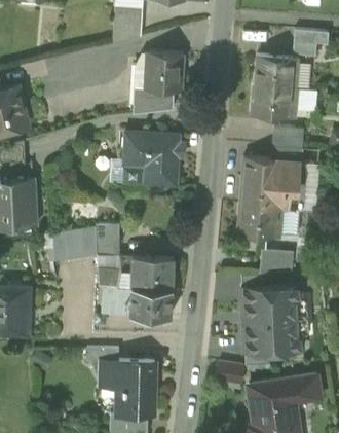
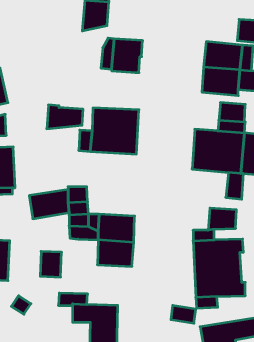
building: [133,85,175,113] -> [47,105,83,129]
building: [237,203,282,236] -> none
building: [107,284,131,314] -> [40,251,62,277]

